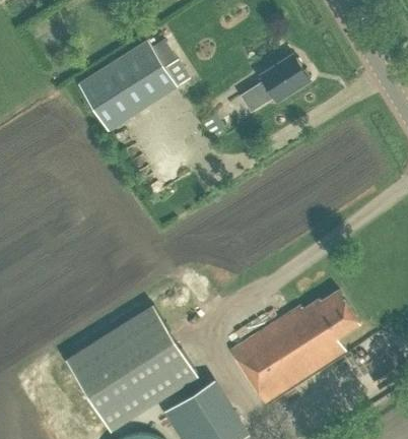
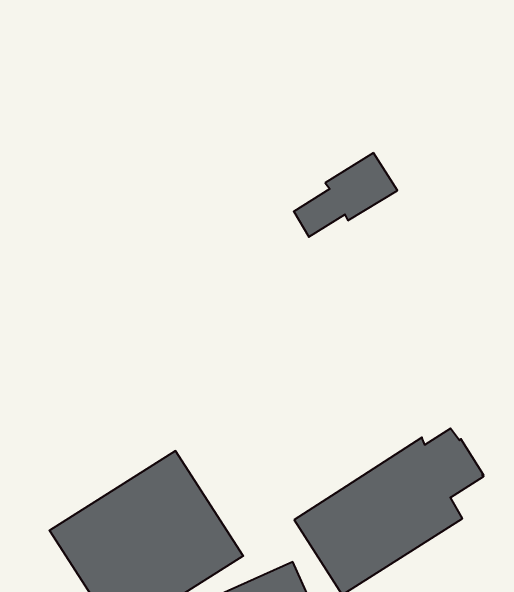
building: [77,41,187,130] -> none
building: [239,56,309,113] -> [294,153,397,237]

